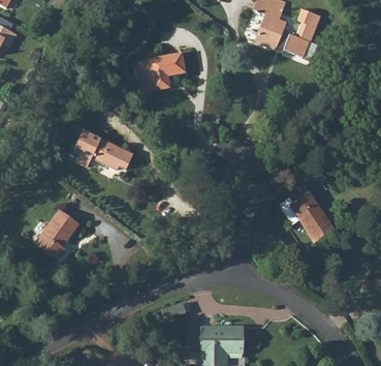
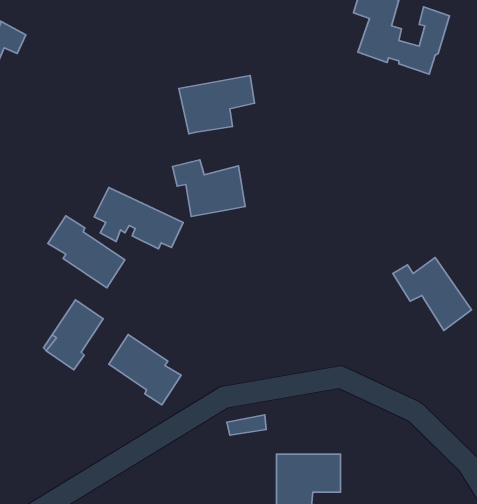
building: none -> [172,160,245,216]
building: none -> [48,216,125,288]
building: none -> [109,334,181,405]

